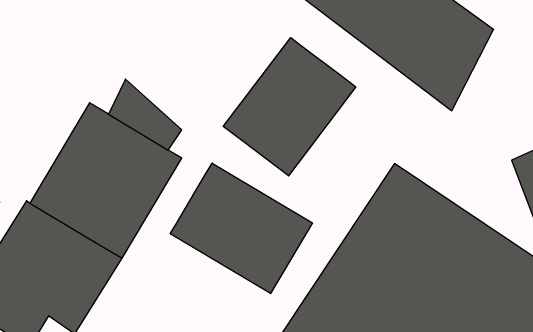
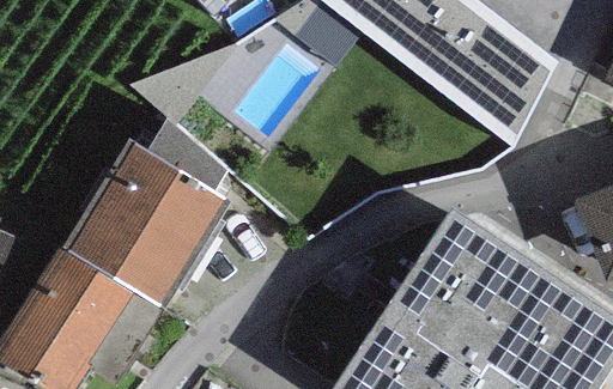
building: [223,38,356,176] -> none
building: [170,163,312,294] -> none

